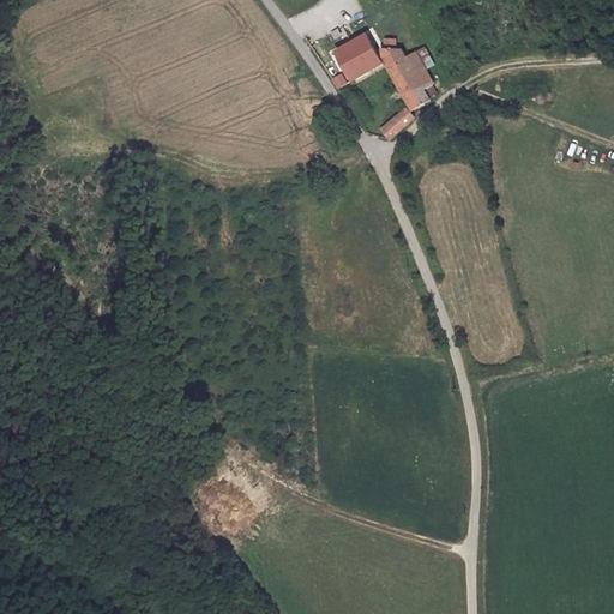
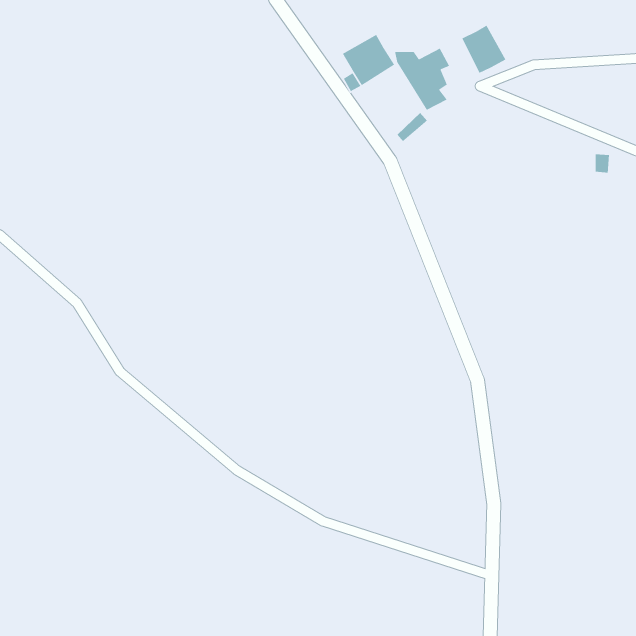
building: none -> [461,24,507,74]

